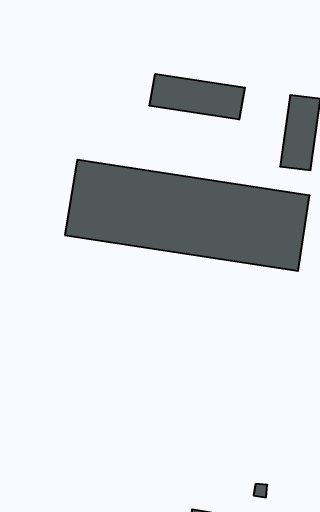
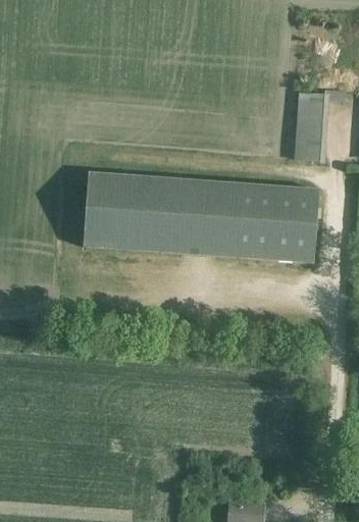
building: [149,74,245,120] -> none

